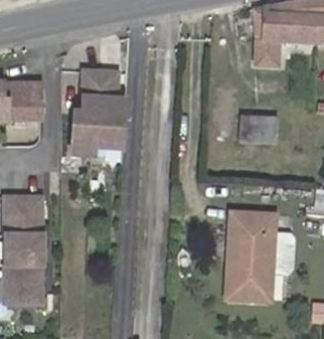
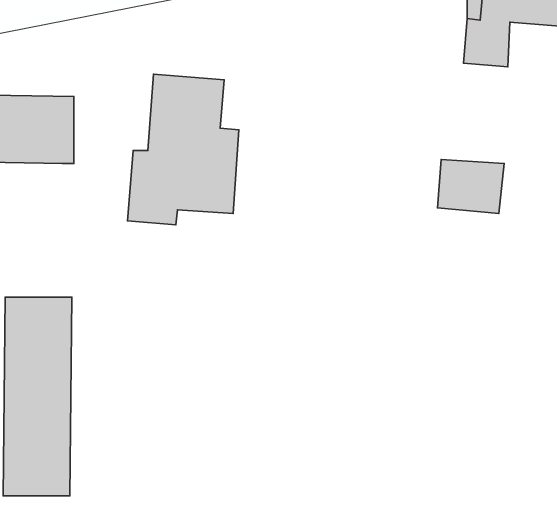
building: [225,216,273,304] -> none

